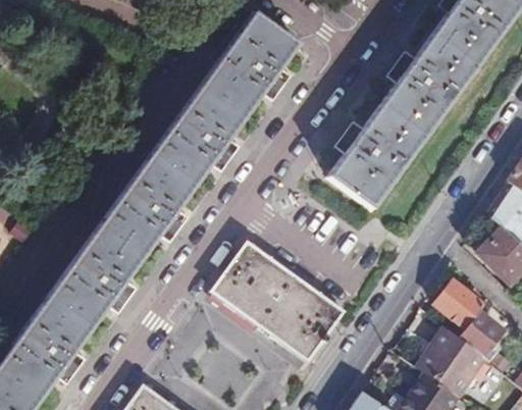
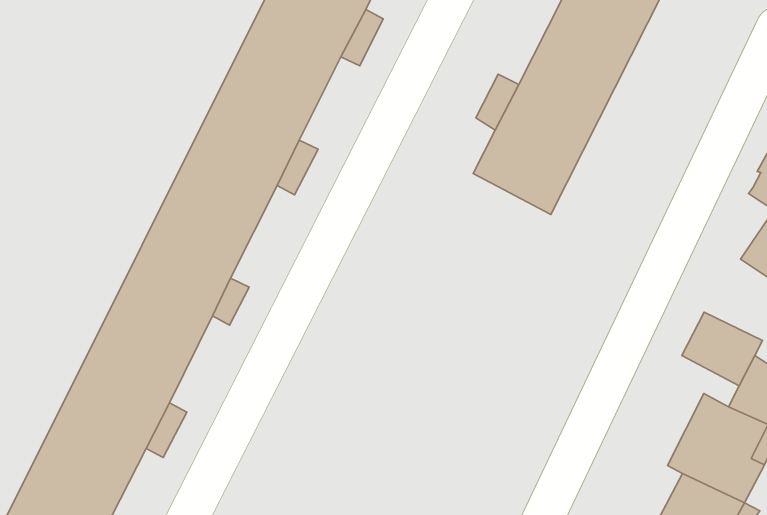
building: [213,242,343,358] -> none

